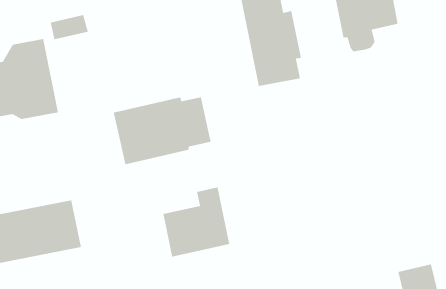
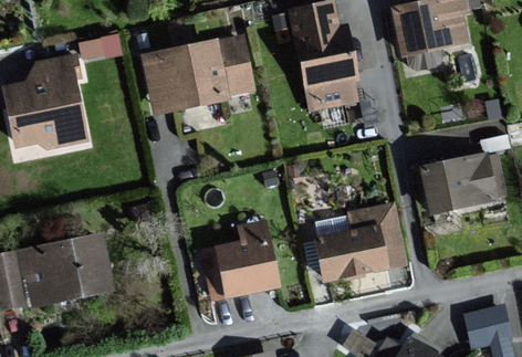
building: [113,96,212,165] -> [143,39,252,115]
building: none -> [424,153,504,212]
building: none -> [319,204,405,280]

